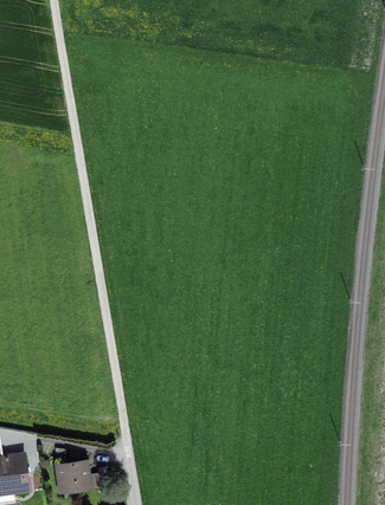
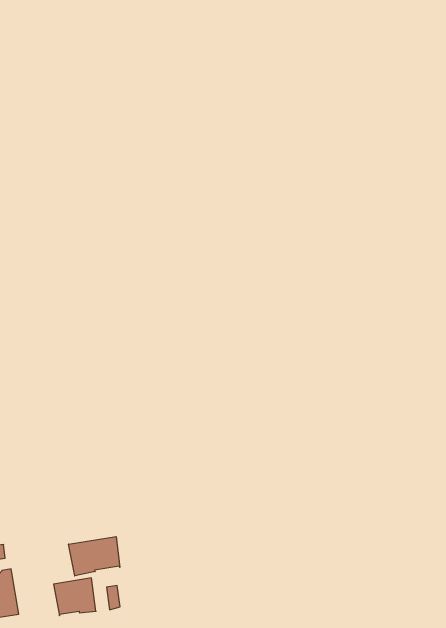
building: none -> [69,537,120,576]

